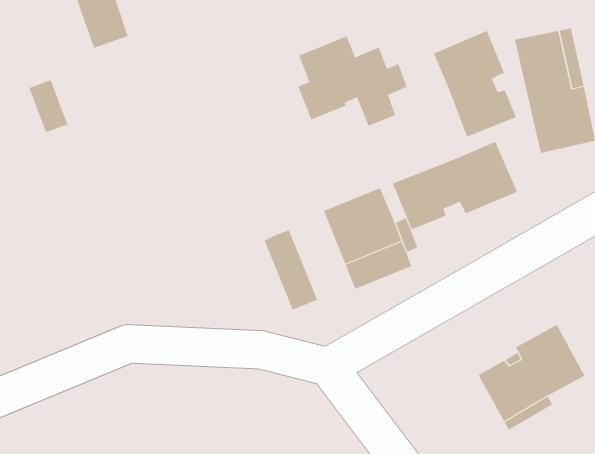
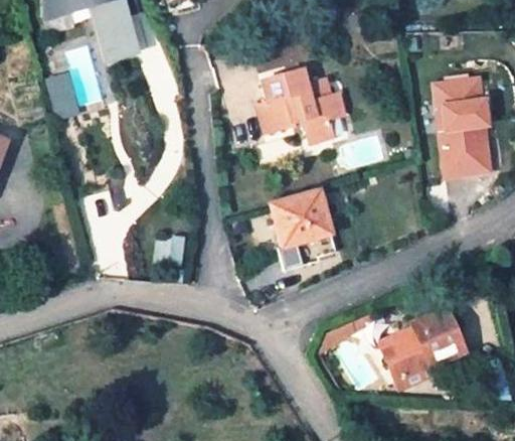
building: [433,30,516,138] -> none
building: [392,141,518,230] -> none
building: [264,230,318,311] -> none

